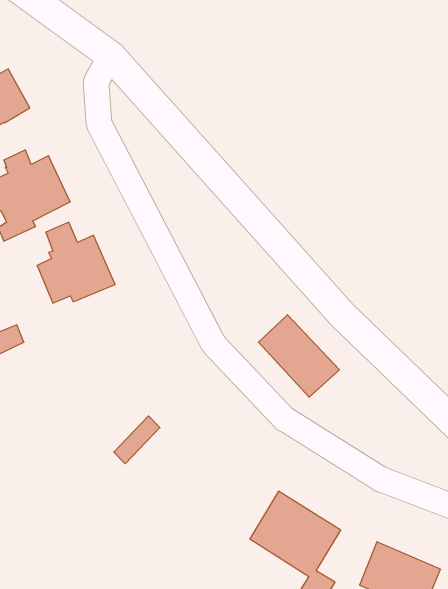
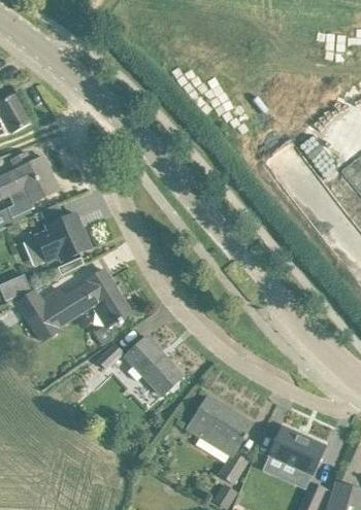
building: none -> [17,269,131,341]
building: [258,315,339,397] -> [125,336,183,395]

